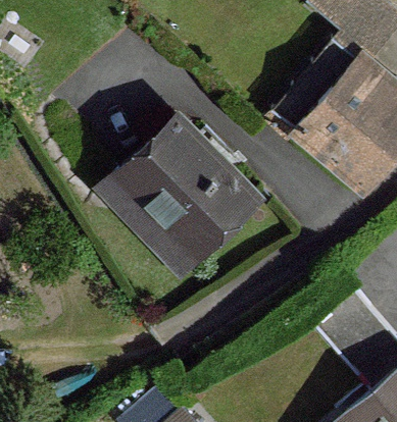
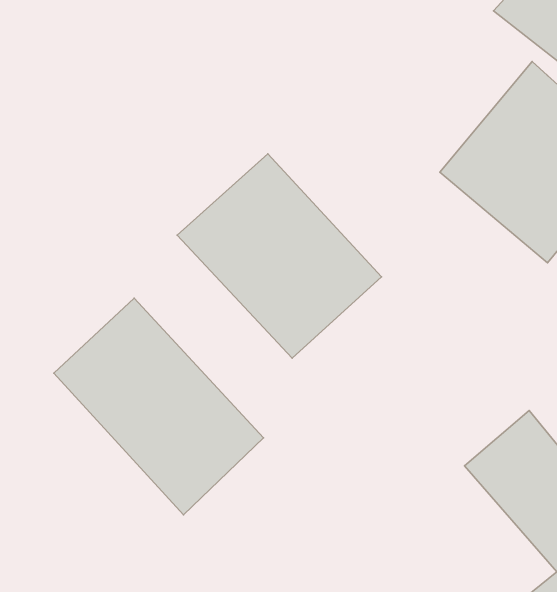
building: none -> [54,298,263,515]

